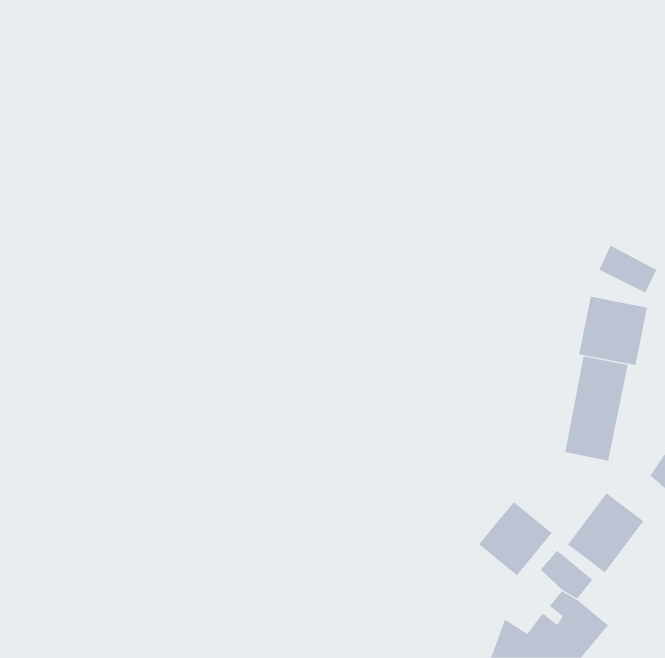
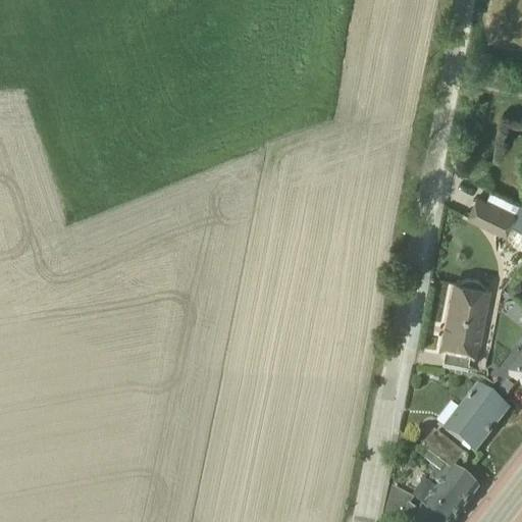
building: [579,296,647,366] -> none
building: [478,501,552,576] -> none

